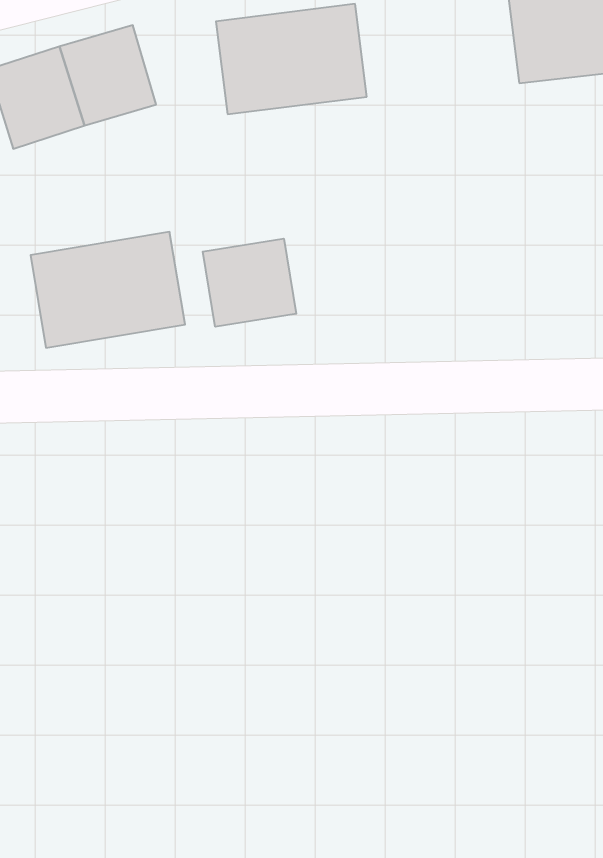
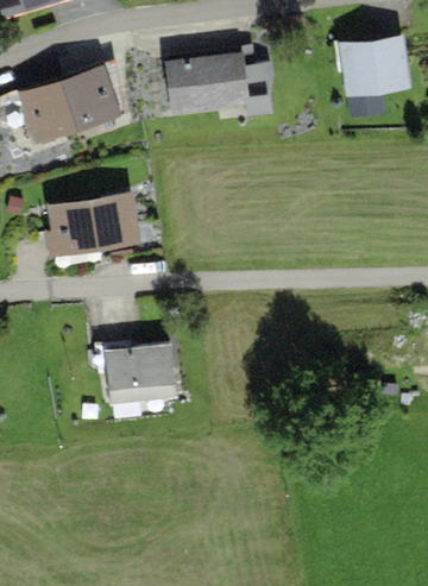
building: [203,239,296,327] -> none
building: none -> [100,340,180,411]

